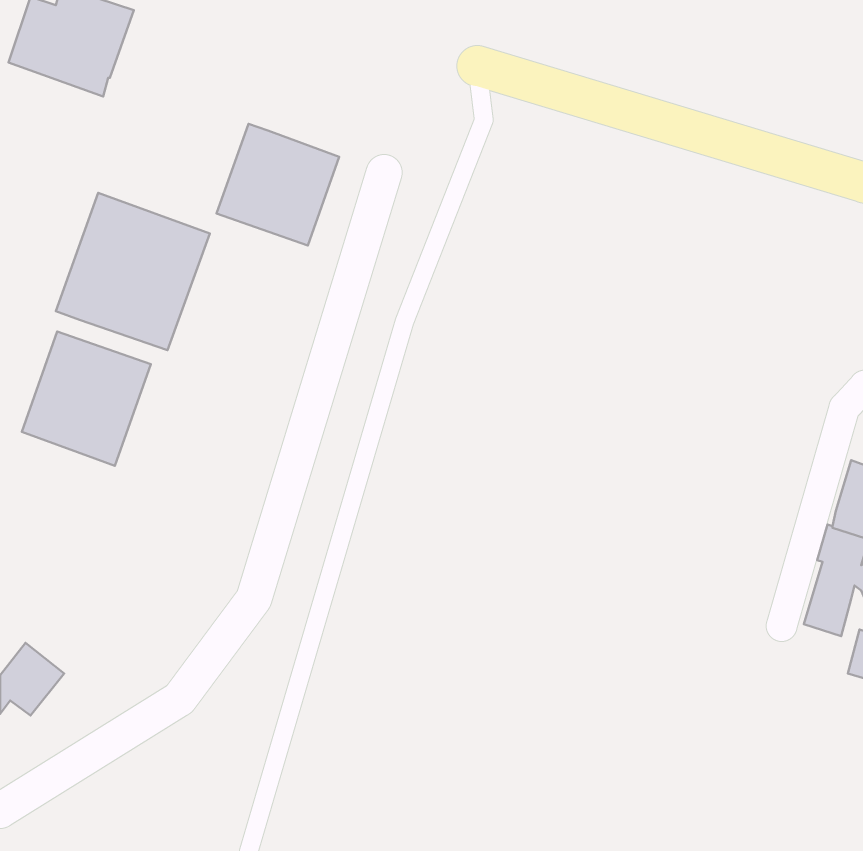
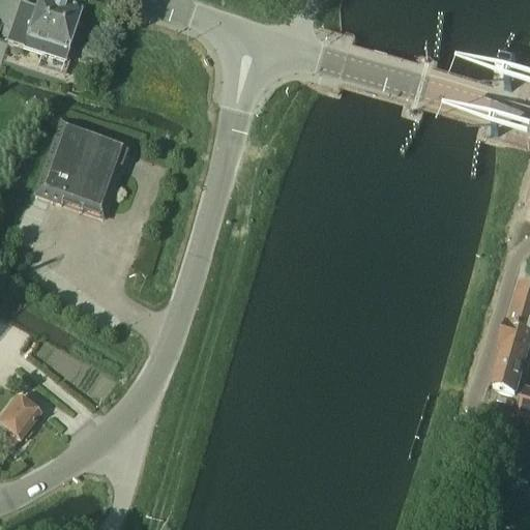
building: [216,124,339,246] -> none
building: [22,331,151,466] -> none

